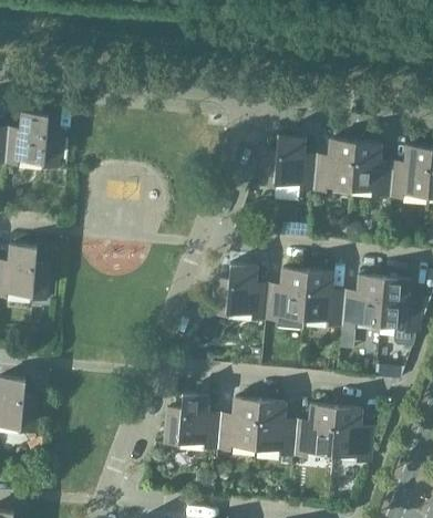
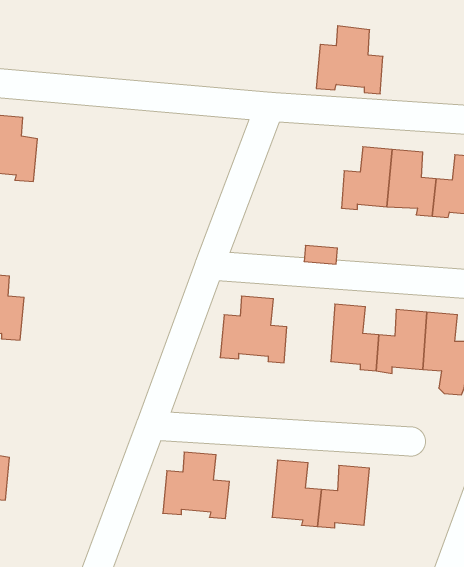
building: [259,135,315,191] -> [316,26,383,94]
building: [265,269,307,330] -> none
building: [216,398,259,450] -> none
building: [331,407,372,463] -> none

